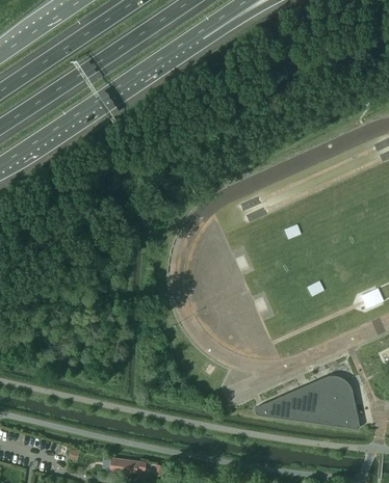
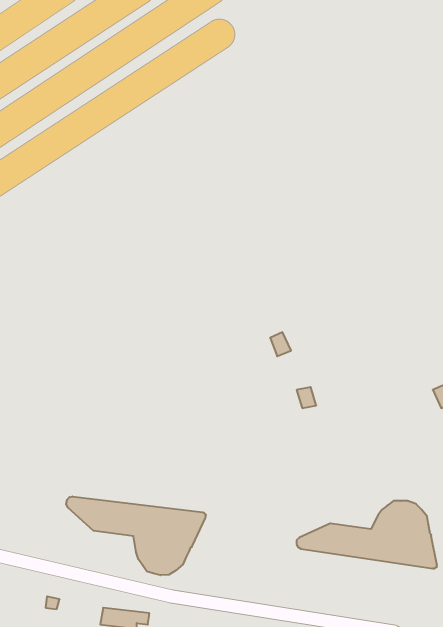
building: none -> [66,496,206,575]

